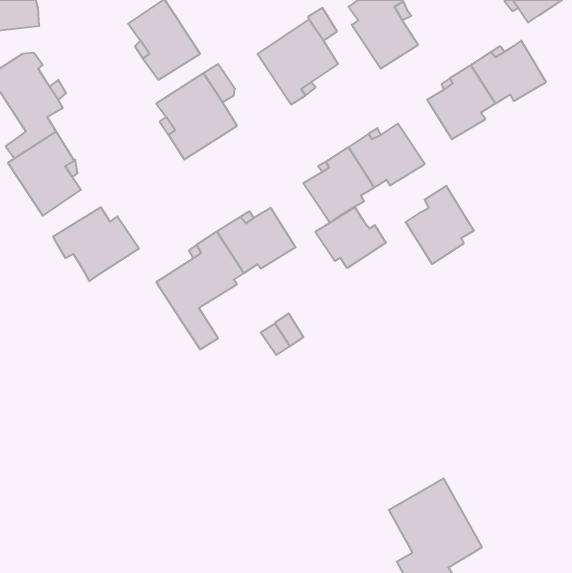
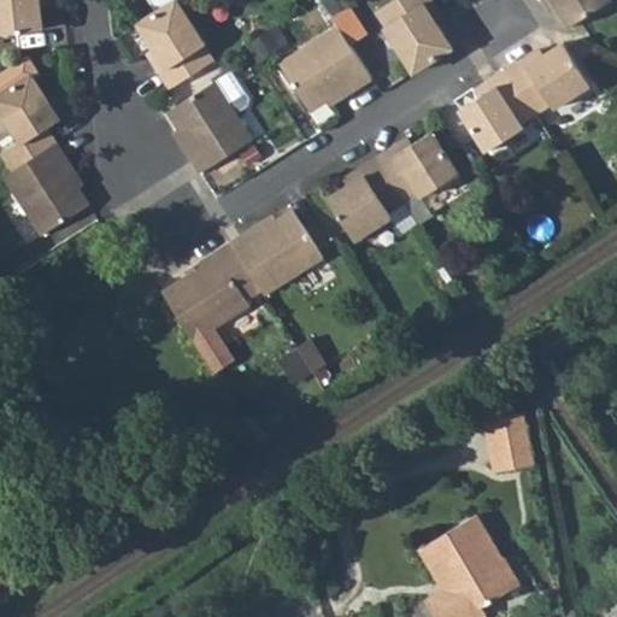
building: [406,186,474,264] -> none
building: [315,207,386,268] -> none
building: [53,207,139,281] -> none
building: none -> [484,423,534,484]

